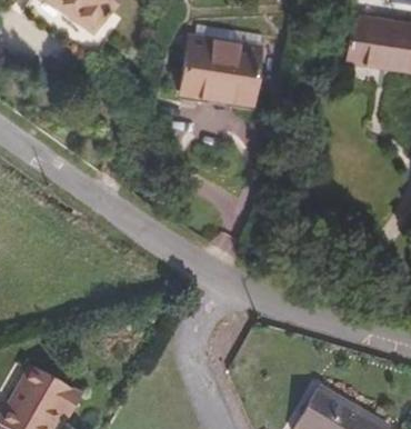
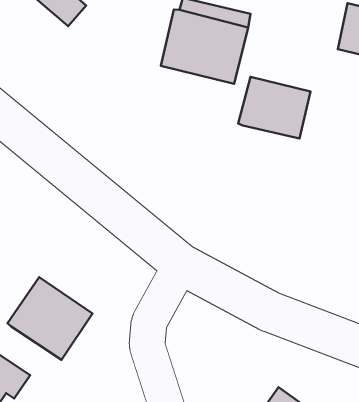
building: none -> [238,77,311,139]
building: none -> [7,277,93,360]

